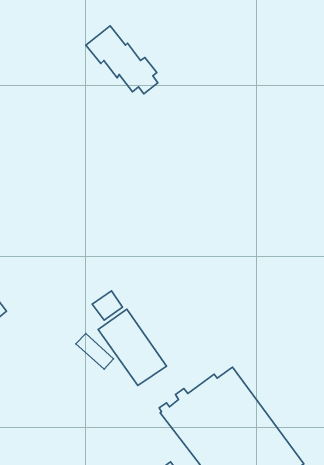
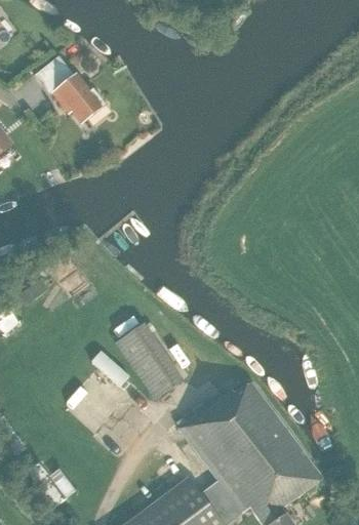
building: [86,26,158,94] -> [35,57,108,126]

